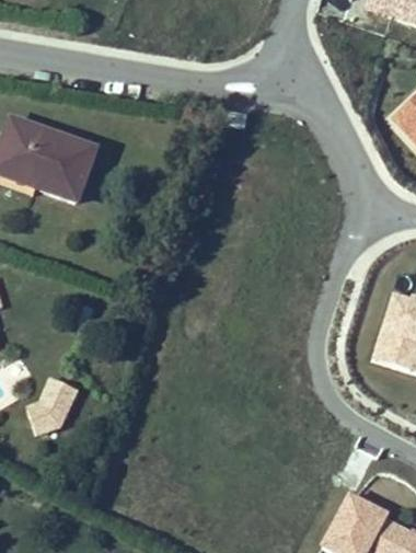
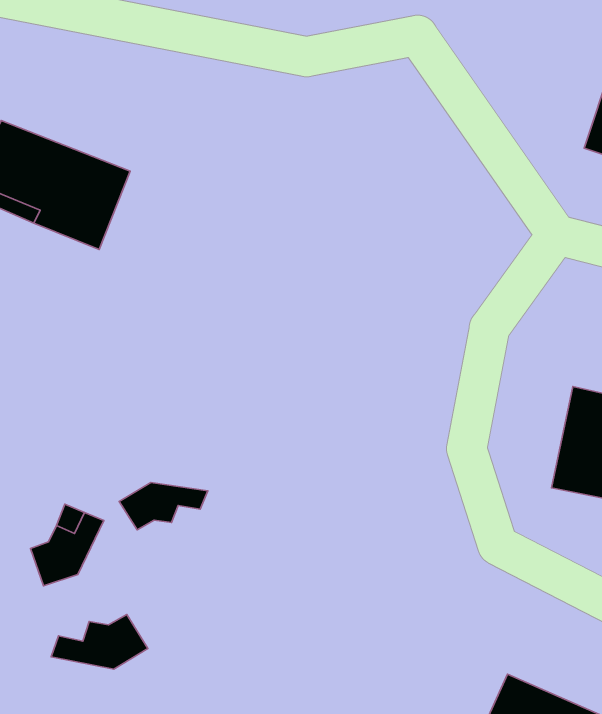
building: none -> [119,483,208,530]
building: none -> [51,614,148,669]

